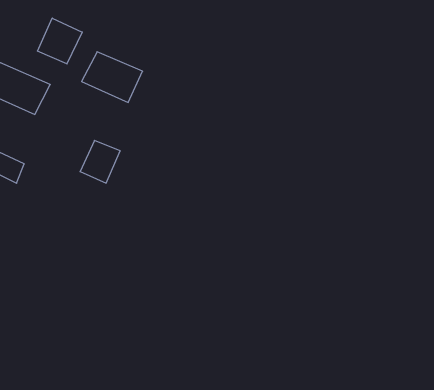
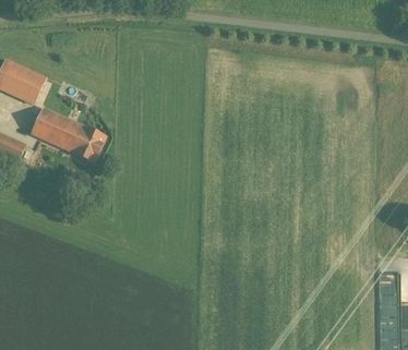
building: [37,18,82,64] -> none
building: [82,52,143,102] -> [31,107,82,149]

